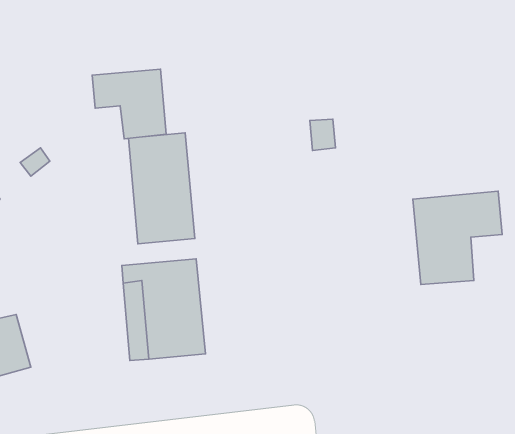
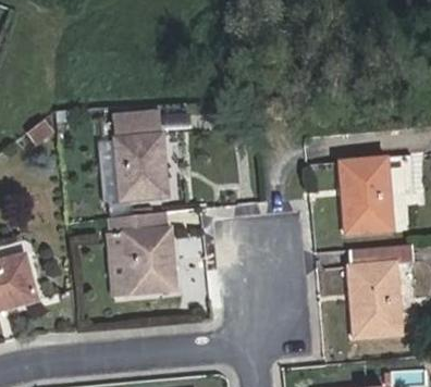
building: [92,69,166,139] -> none
building: none -> [349,246,410,337]

